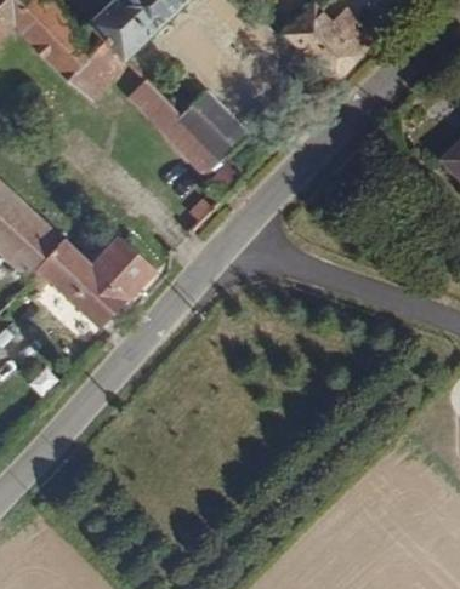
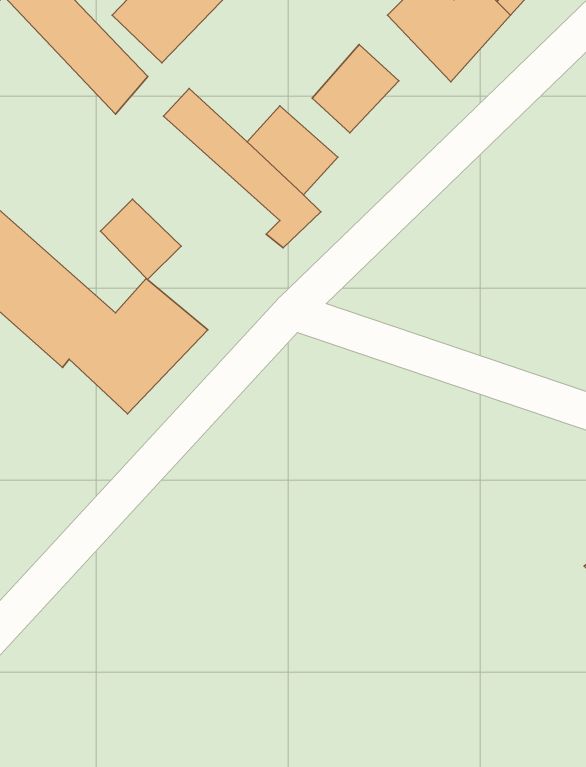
building: none -> [312,45,399,133]
building: none -> [101,199,181,280]

